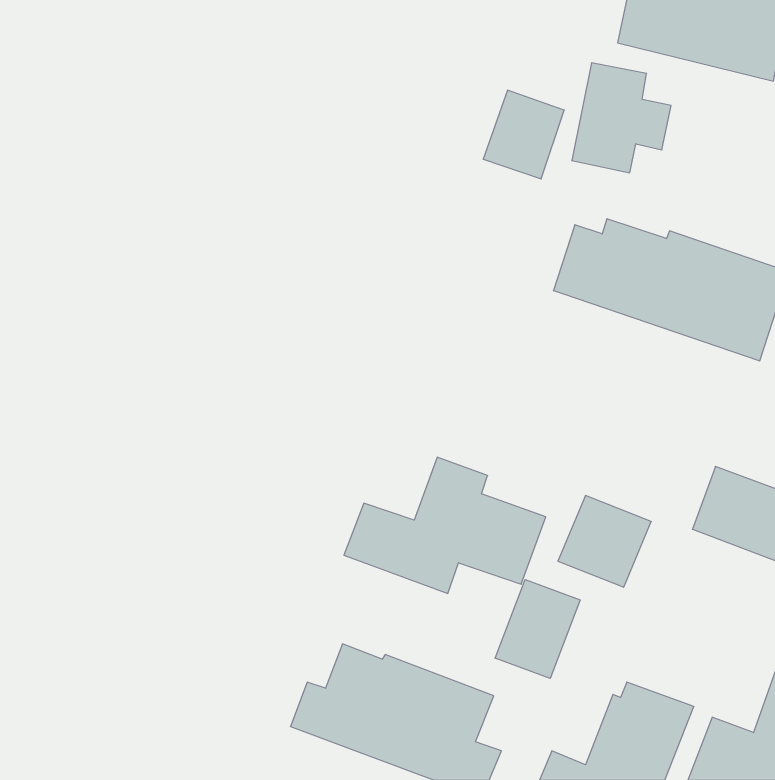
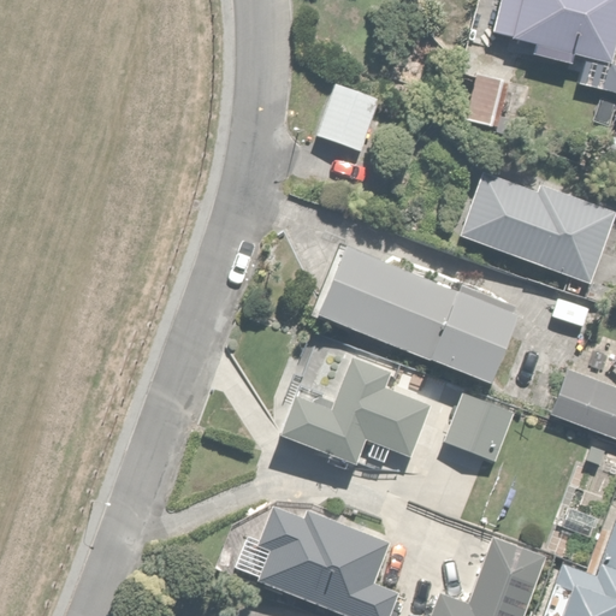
building: [483,90,564,179] -> [320,81,384,150]
building: none -> [318,245,513,385]
building: [495,580,580,678] -> none

